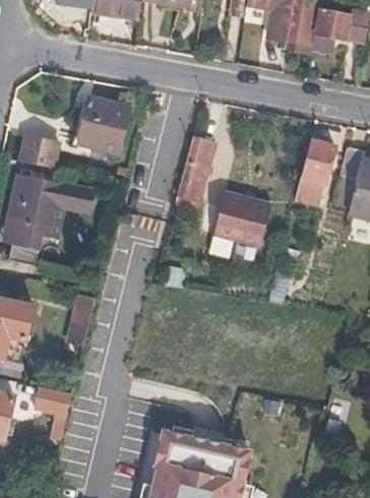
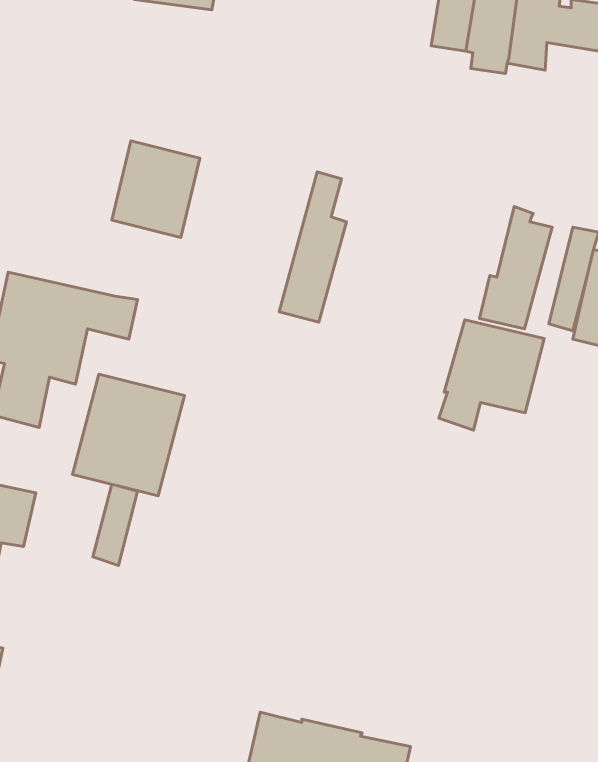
building: [21,134,59,167] -> none
building: [209,193,271,258] -> [439,320,544,430]
building: none -> [72,374,184,496]
building: [34,386,71,440] -> none

